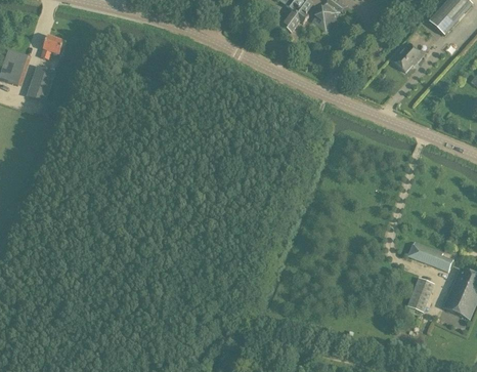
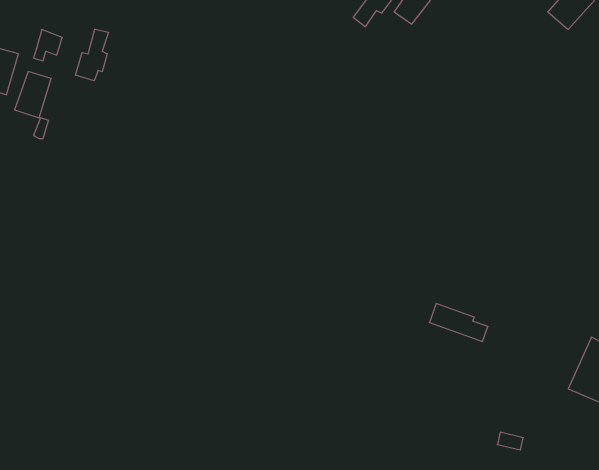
building: none -> [76,29,108,81]
building: [394,43,423,71] -> none
building: [409,241,453,270] -> [429,304,488,342]
building: [409,276,436,311] -> none

